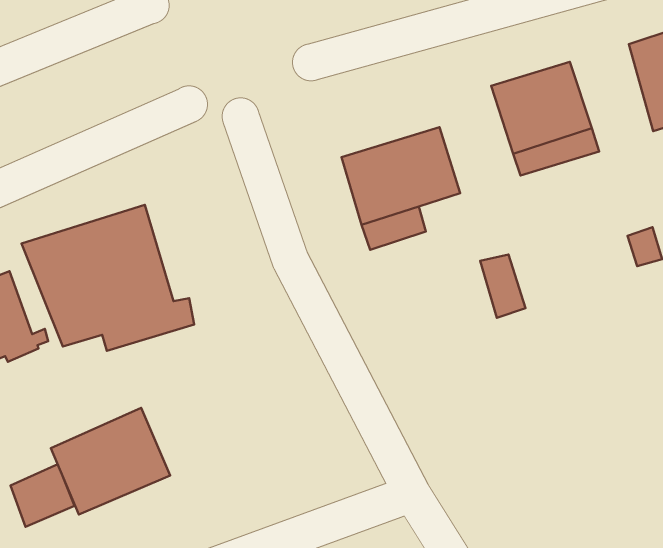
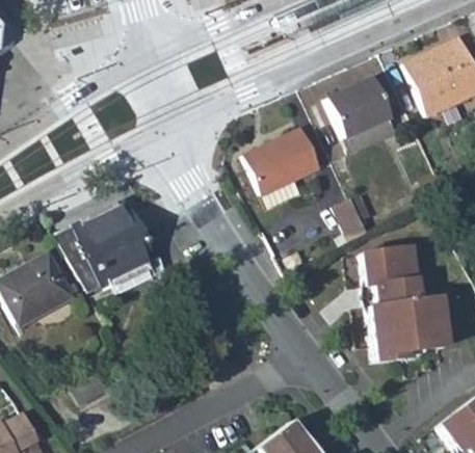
building: none -> [359,247,447,362]
building: [51,408,170,515] -> none

